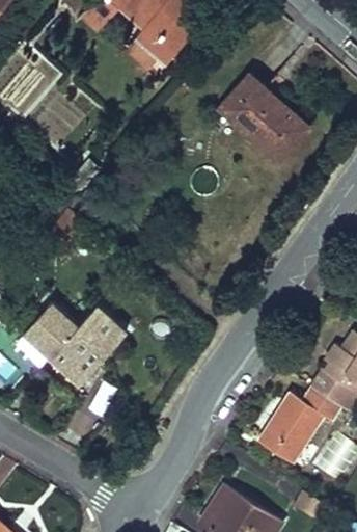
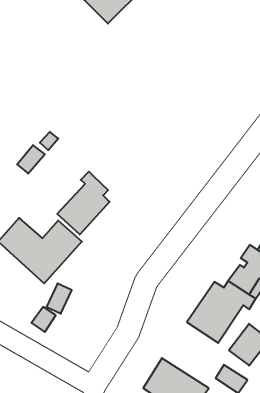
building: [220,77,309,161] -> none
building: none -> [57,172,110,235]

